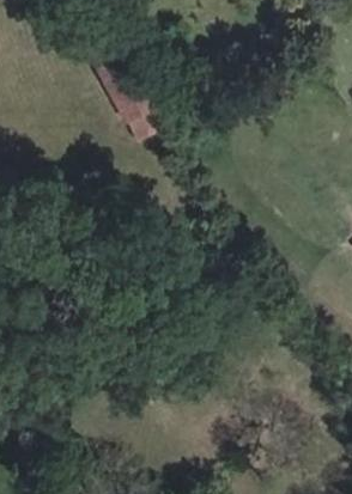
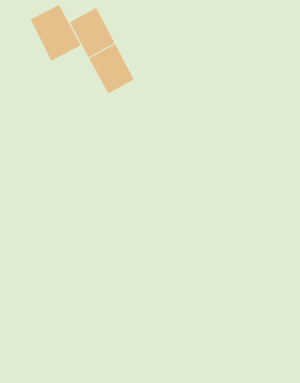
building: none -> [30,4,81,61]

